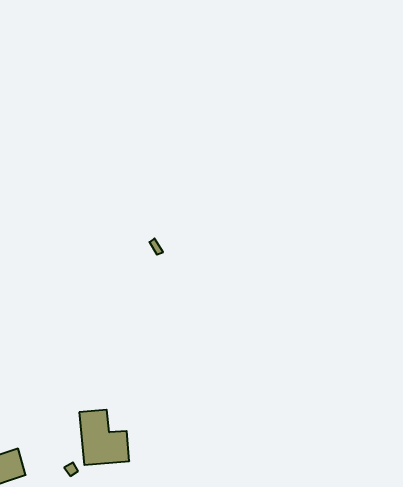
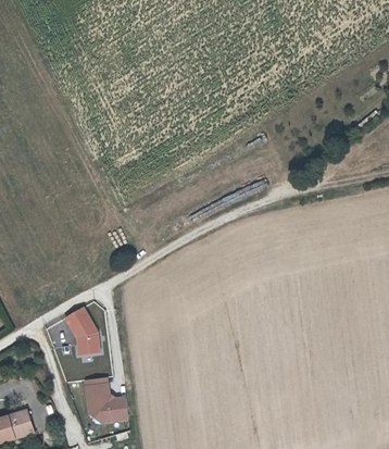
building: none -> [60,304,102,357]

